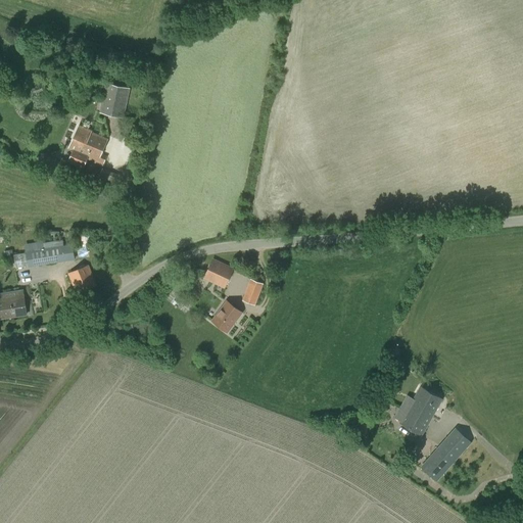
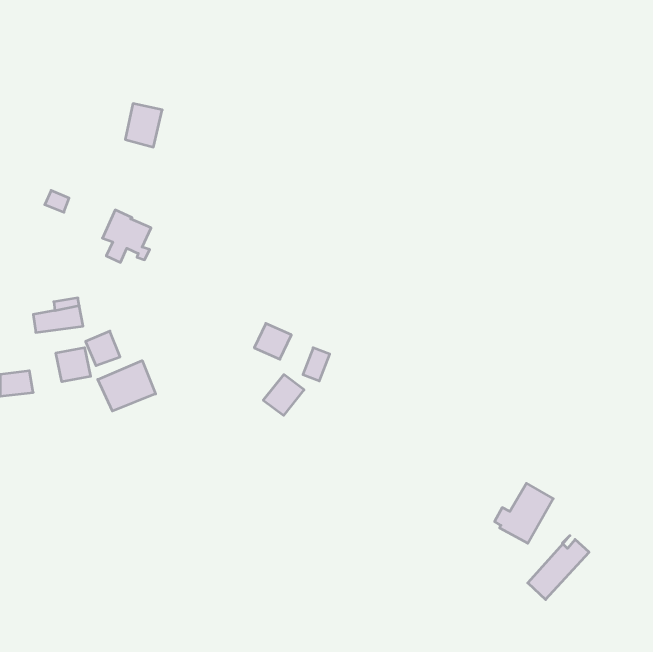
building: [68,125,107,167] -> [102,210,151,262]
building: none -> [56,348,91,382]
building: none -> [98,361,156,411]

